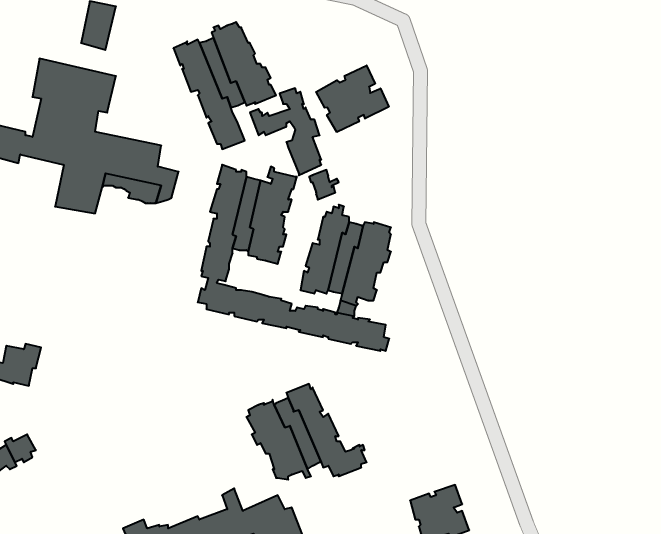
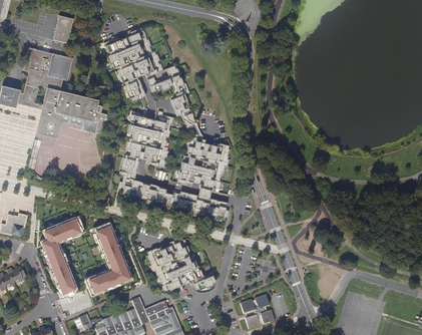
building: [316,65,389,132] -> none
building: none -> [39,216,84,299]
building: none -> [84,221,131,294]

